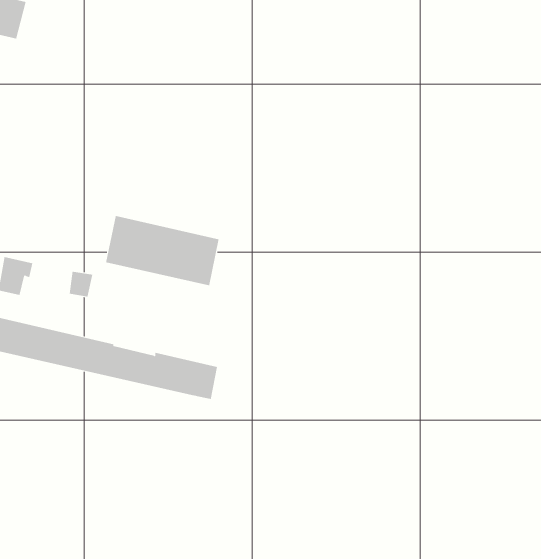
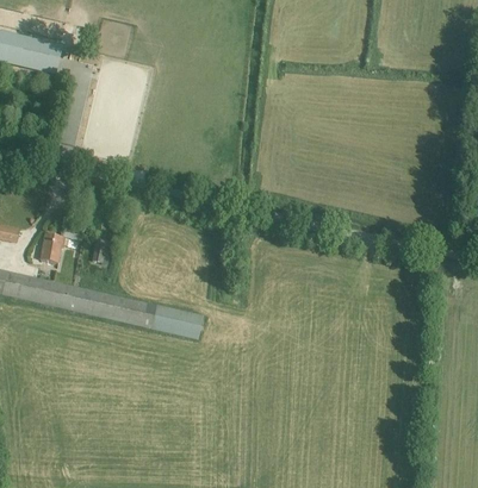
building: [106,215,219,286] -> none

